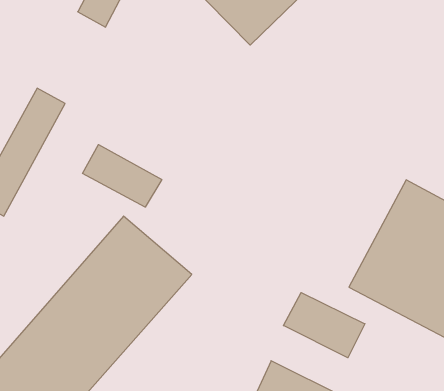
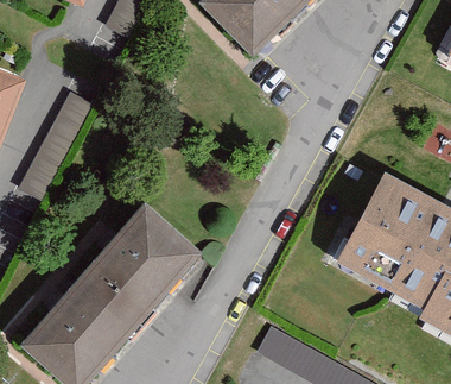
building: [83,145,162,207] -> none
building: [283,293,365,358] -> none

